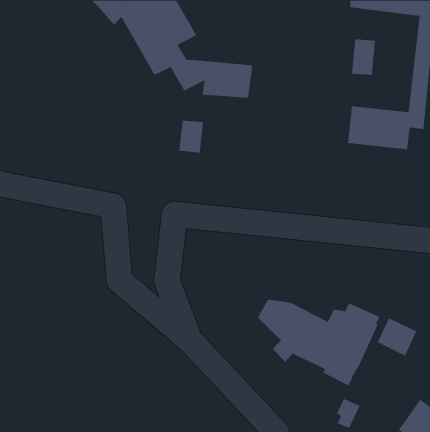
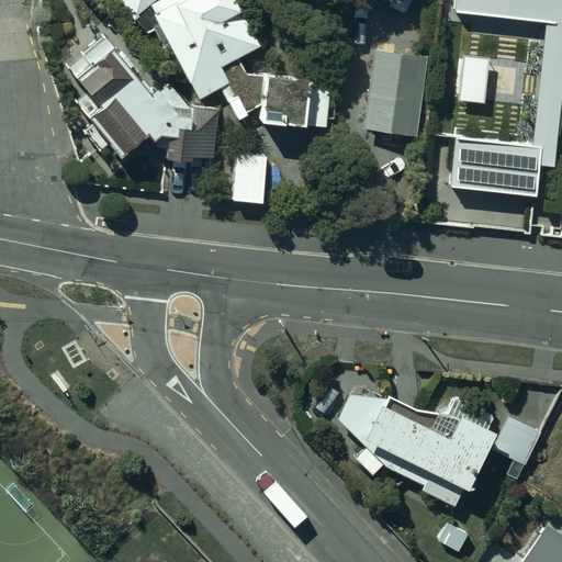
building: none -> [78,42,217,162]
building: none -> [368,52,425,136]

